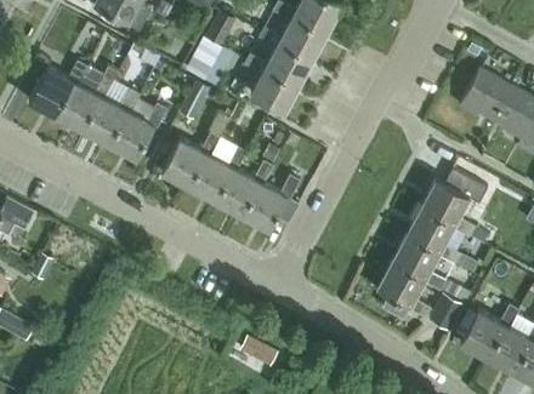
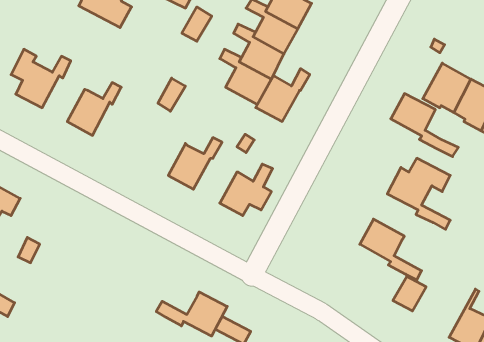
building: [186,38,222,81] -> none
building: [56,75,113,131] -> none
building: [109,103,166,159] -> none
building: [161,133,220,188] -> none
building: [216,161,273,217] -> [256,69,310,121]
building: [407,207,478,274] -> [391,94,458,157]
building: [376,261,431,319] -> none
building: [460,306,515,359] -> none
building: none -> [156,292,227,336]

